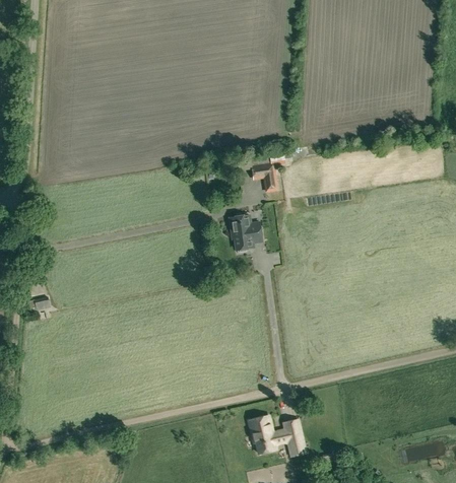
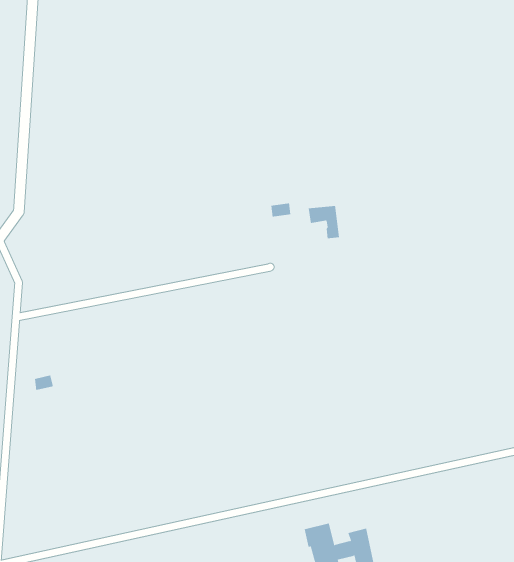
building: [230,213,261,253] -> none

